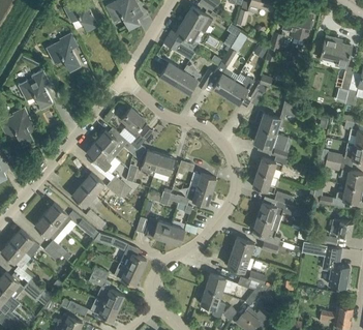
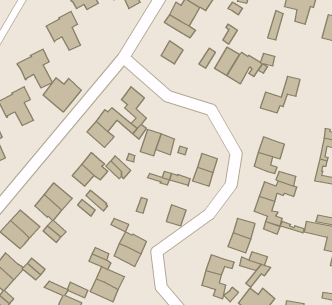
building: [174,64,201,93] -> none
building: none -> [43,78,81,112]
building: [253,128,291,160] -> none
building: [145,218,171,241] -> none

